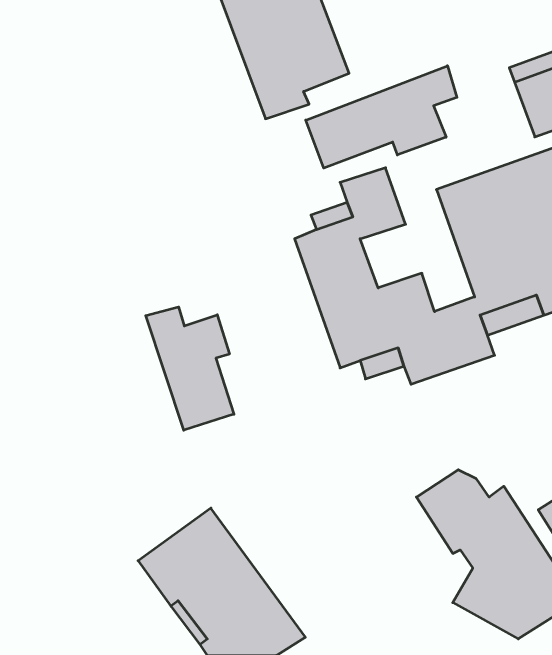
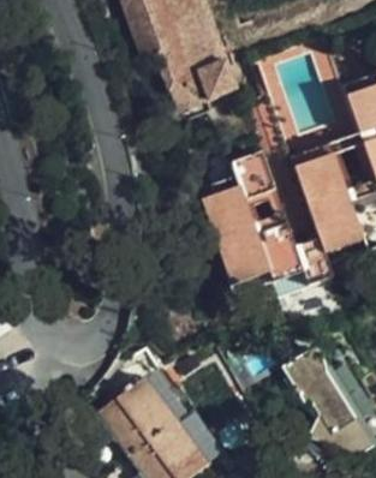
building: [306,66,457,168] -> none
building: [146,307,234,430] -> none

